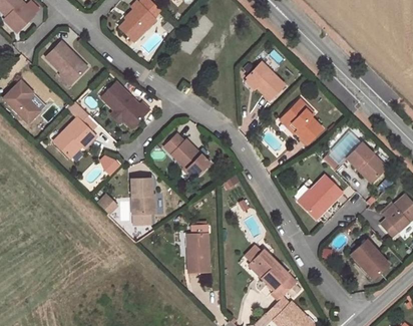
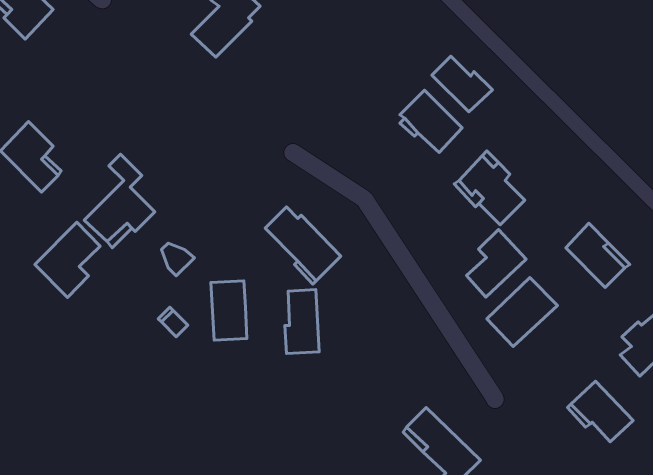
building: [46,41,88,83] -> none
building: none -> [432,56,492,112]
building: [101,81,150,127] -> none
building: none -> [35,222,100,298]
building: none -> [466,229,526,297]
building: [187,234,209,273] -> [285,289,319,353]

